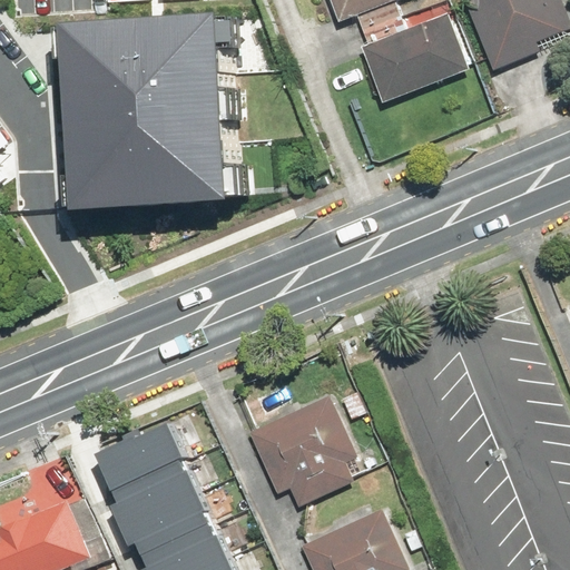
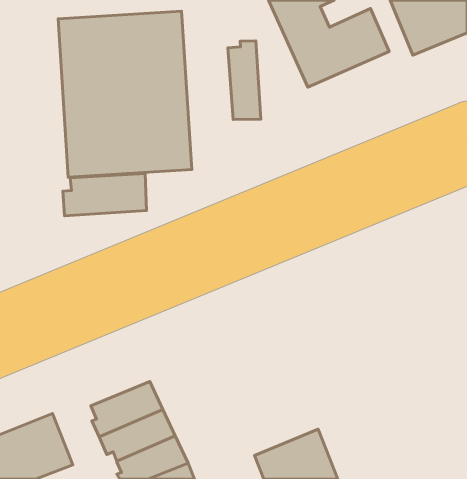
building: none -> [228,41,261,120]
building: none -> [63,173,146,216]
building: [246,394,361,508] -> none
building: [94,416,183,482] -> none

